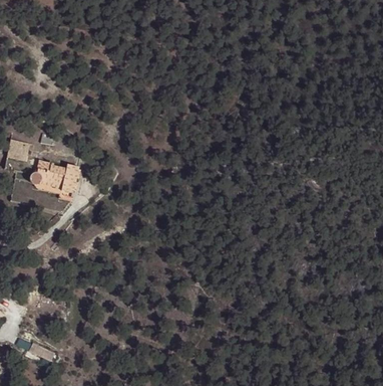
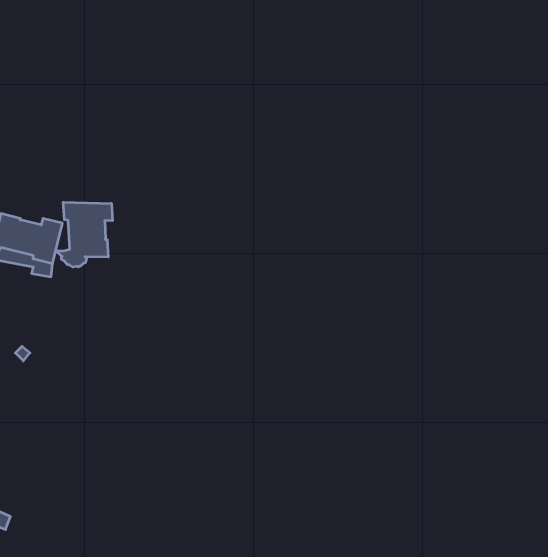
building: none -> [56,202,112,267]

